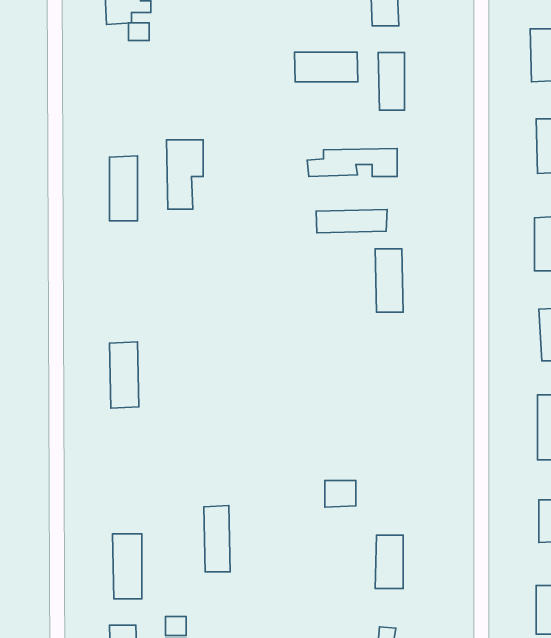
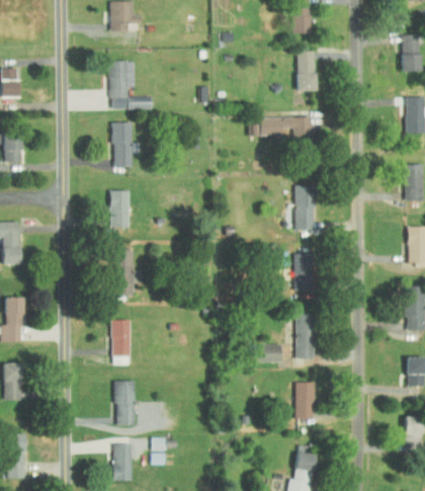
building: [295,52,358,82] -> none
building: [166,140,203,209] -> [109,61,135,108]
building: [316,210,387,233] -> none
building: none -> [109,190,129,228]
building: none -> [294,253,316,301]
building: none -> [295,314,315,358]
building: [204,505,230,572] -> [111,319,130,364]

